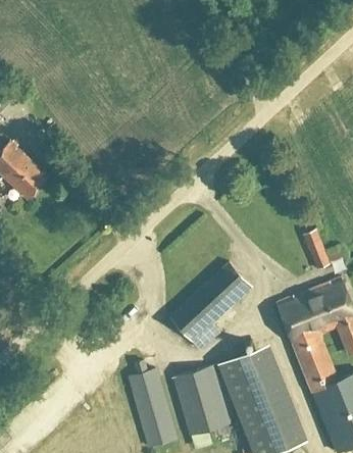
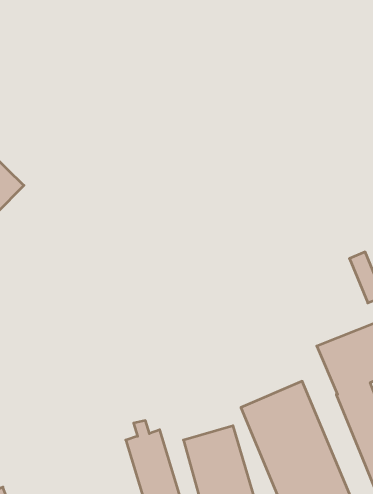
building: [169,265,252,352] -> none

